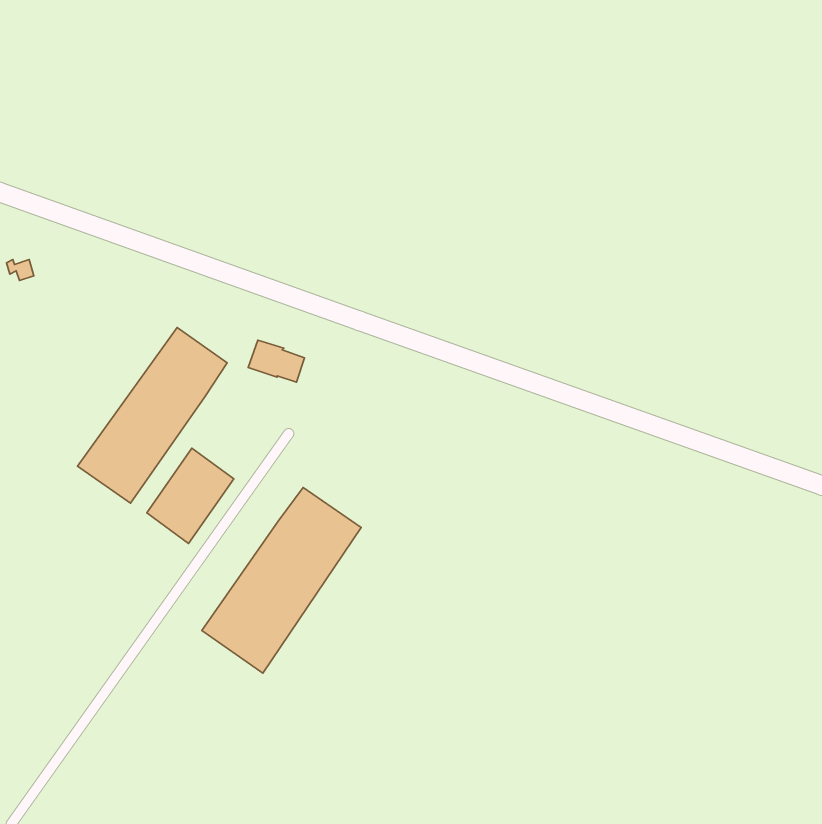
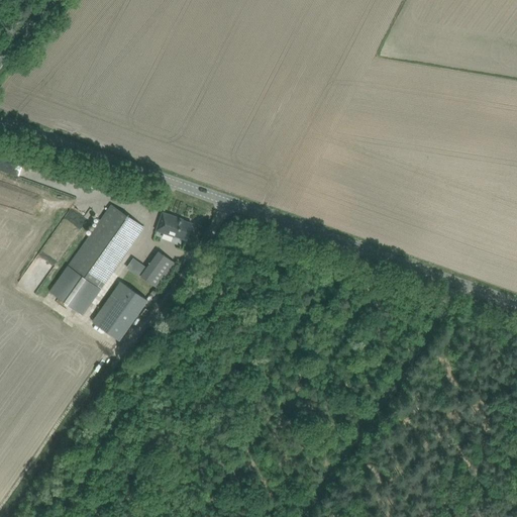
building: none -> [140,251,175,289]
building: [202,488,361,673] -> none

